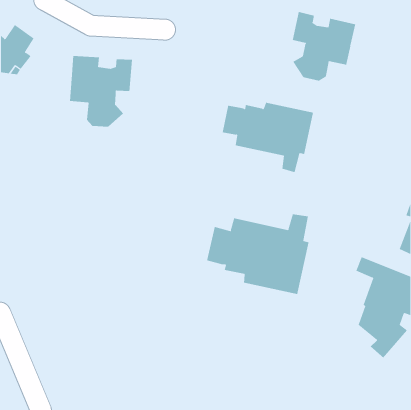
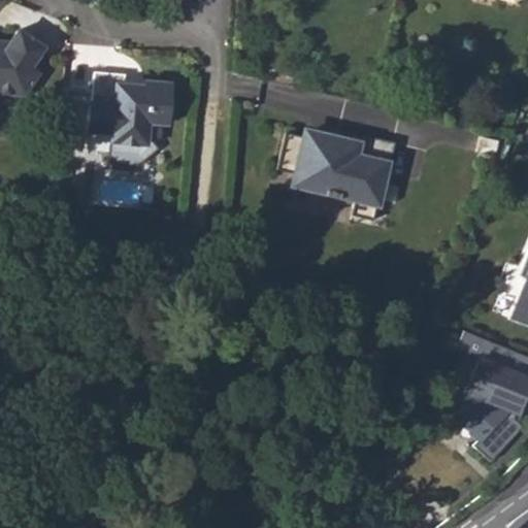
building: [292,11,356,82] -> none
building: [207,214,309,295] -> none

